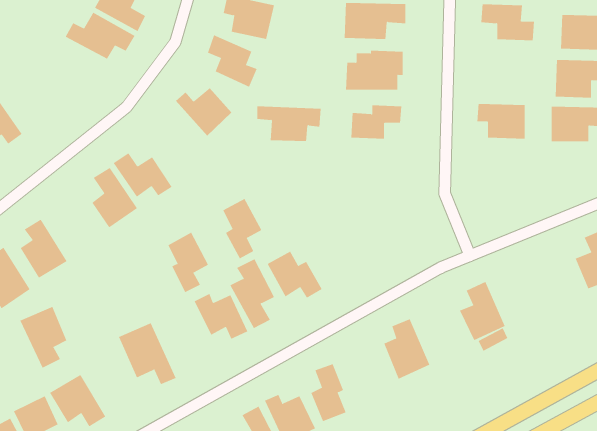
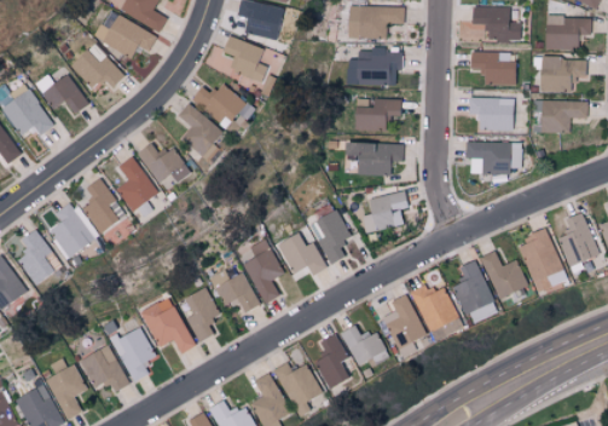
building: none -> [70,44,126,88]
building: none -> [469,52,515,85]
building: none -> [41,74,88,114]
building: [256,106,321,142] -> [343,143,403,175]
building: none -> [178,104,222,156]
building: none -> [465,143,522,175]
building: none -> [83,178,127,234]
building: [222,198,262,259] -> [315,209,352,265]
building: none -> [361,192,406,234]
building: [168,232,209,293] -> [184,287,221,342]
building: none -> [517,228,567,292]
building: none -> [480,252,528,299]
building: [20,306,67,368] -> [112,327,156,384]
building: none -> [411,284,459,333]
building: none -> [341,326,386,365]

